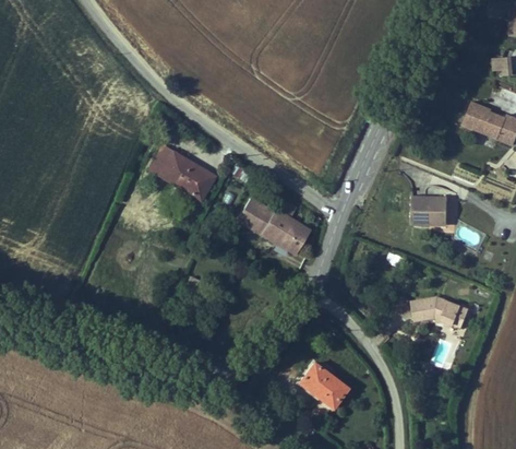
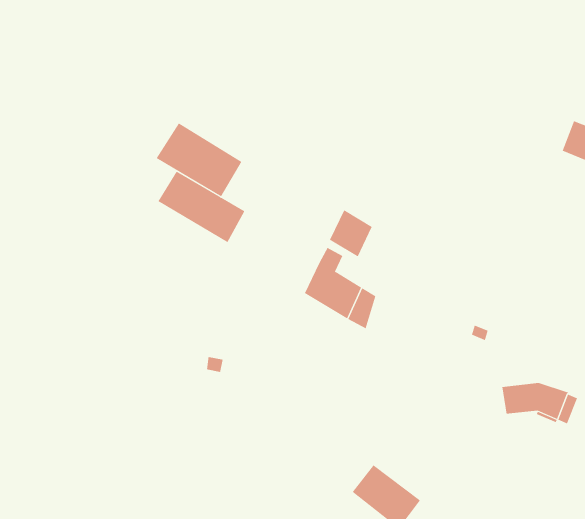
building: none -> [156,122,242,197]
building: [240,197,273,233] -> [329,210,372,257]
building: [411,198,448,227] -> none

